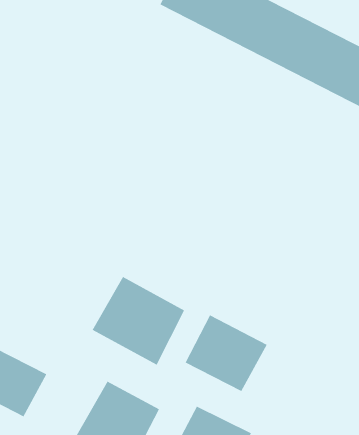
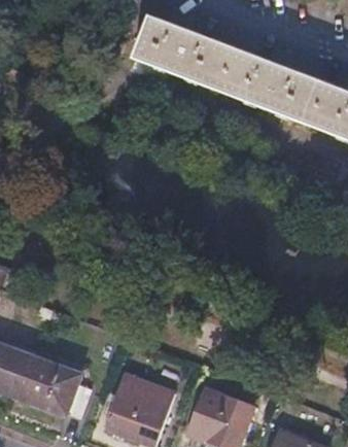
building: [92,276,185,365] -> none
building: [185,315,268,392] -> none

